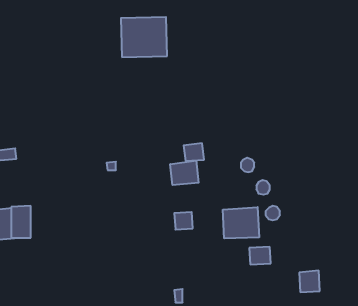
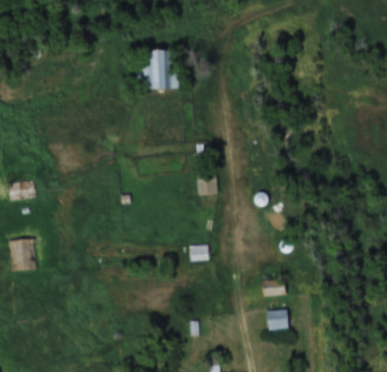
building: [170,161,199,185] -> none
building: [223,207,259,238] -> none
building: [299,271,320,292] -> [267,308,287,329]

